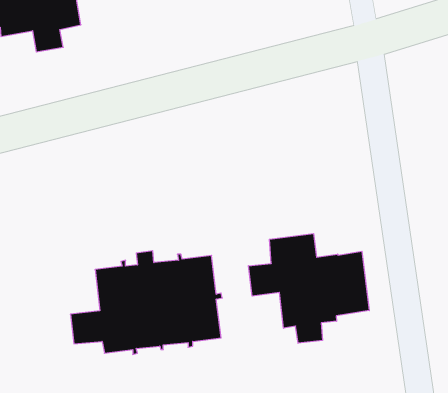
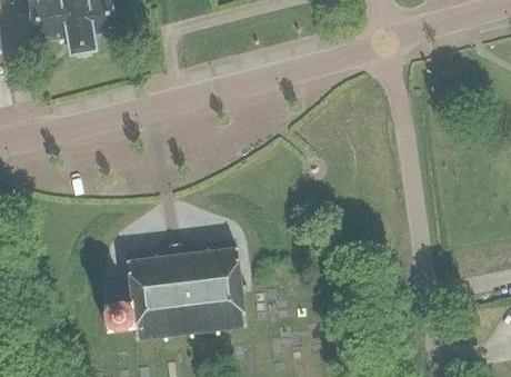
building: [248,234,369,343] -> none

